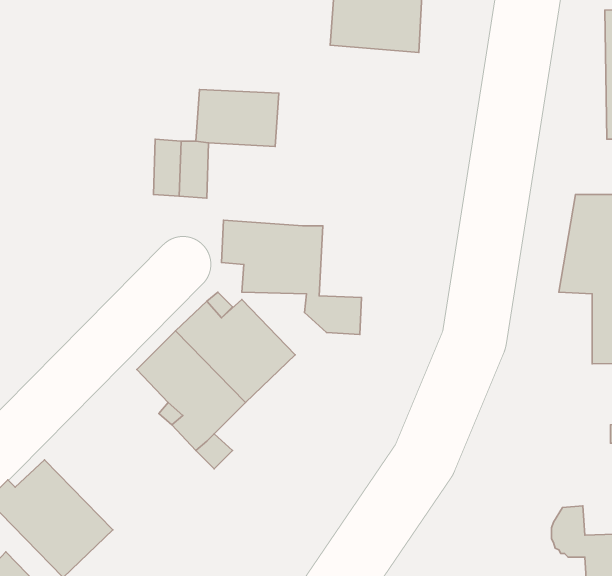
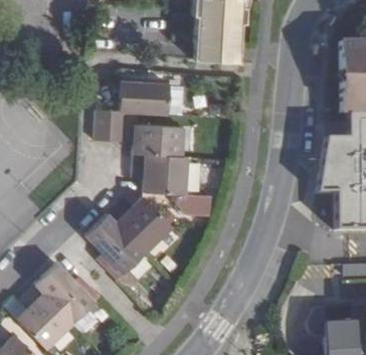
building: none -> [133,124,178,156]
building: none -> [35,262,95,322]

